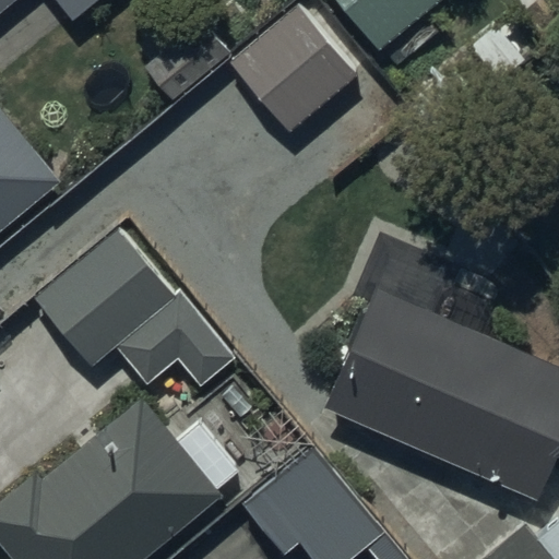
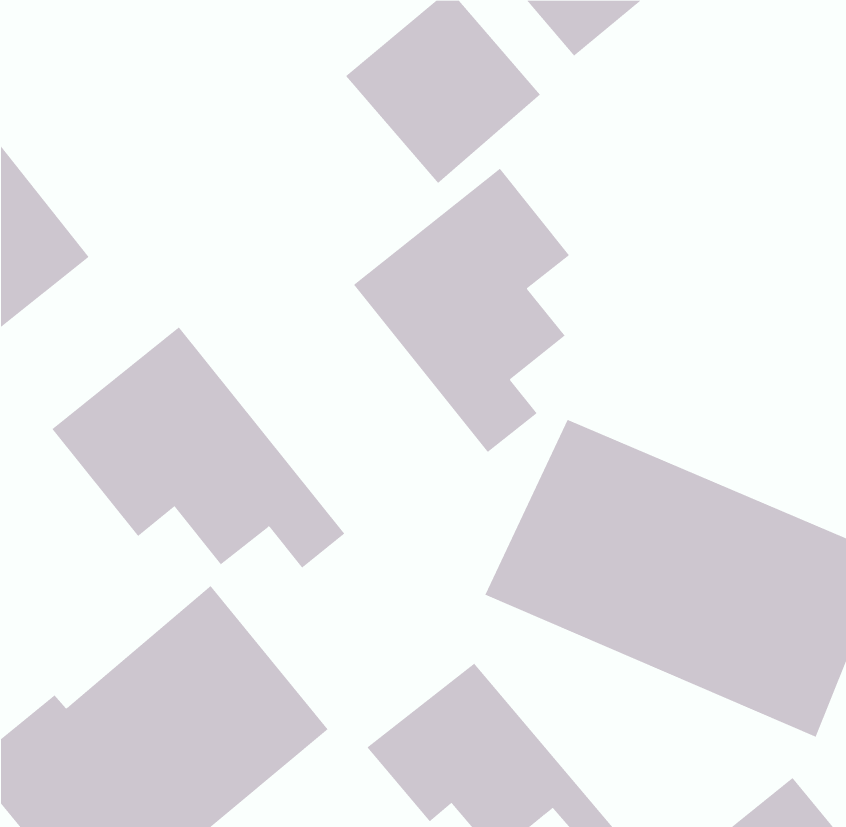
building: none -> [353,168,570,453]

